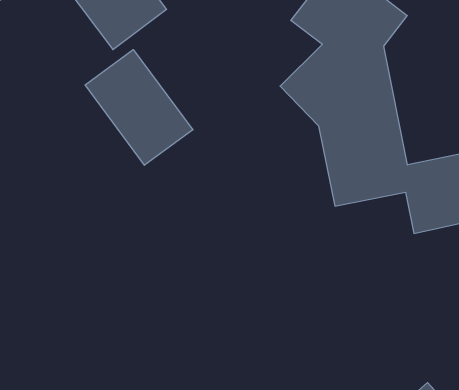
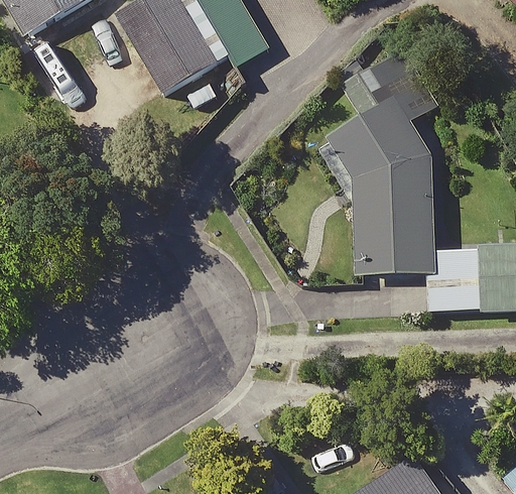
building: [85,50,193,165] -> none

